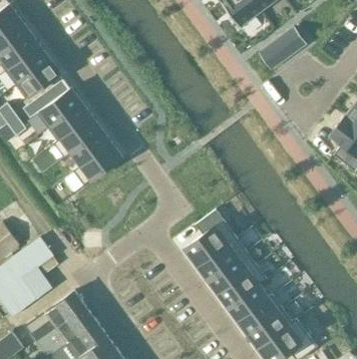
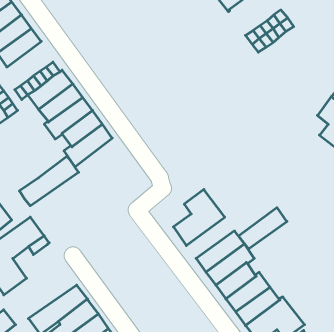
building: [14,59,59,99] -> none
building: [197,238,246,280] -> [239,208,287,249]
building: [25,291,85,341] -> [19,156,79,206]

